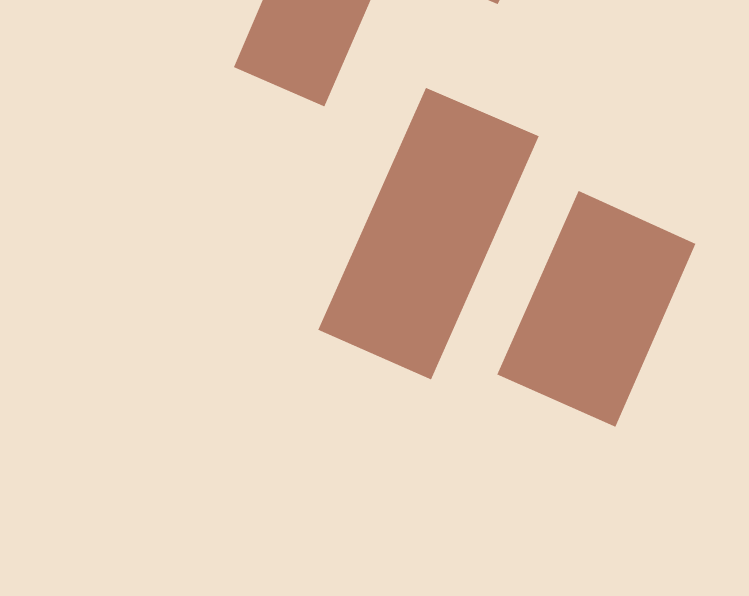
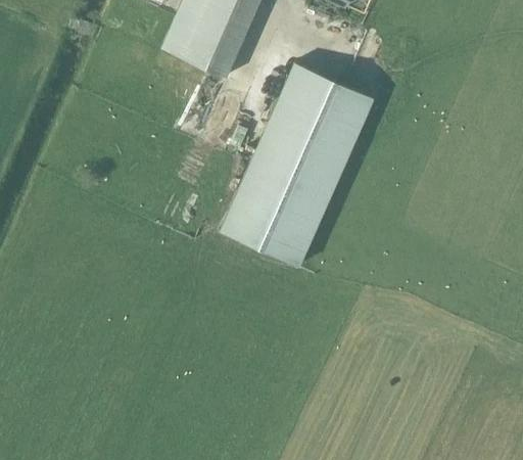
building: [496,190,697,428] -> none

